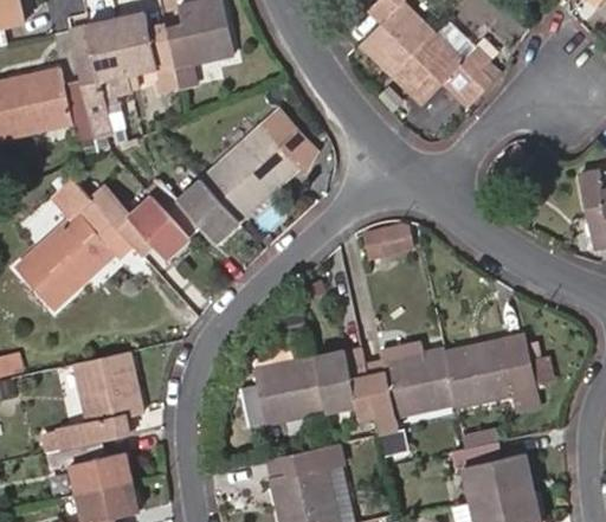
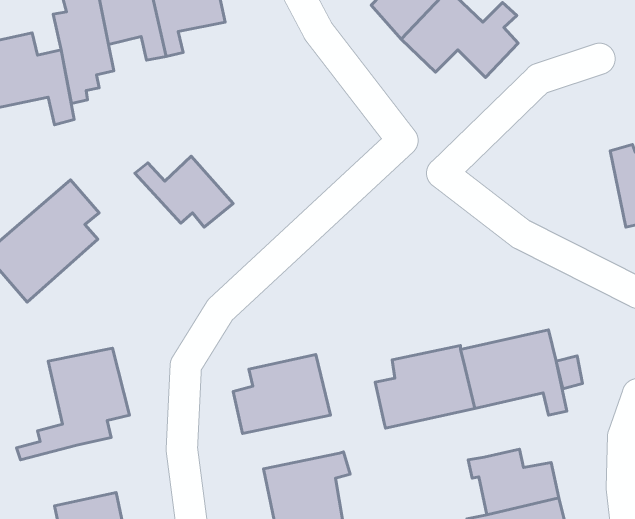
building: [201,111,302,220] -> none
building: [92,188,192,258] -> none
building: [360,218,413,258] -> none
building: [314,352,379,438] -> none
building: [47,438,134,492] -> none

